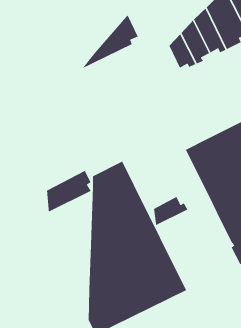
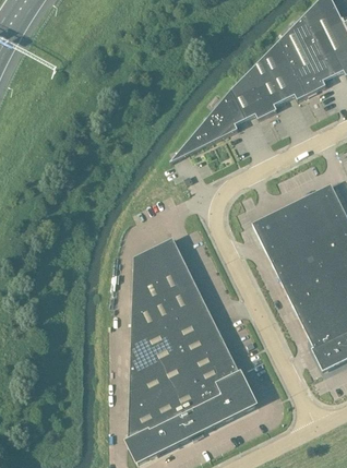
building: [80,14,139,70] -> [170,89,246,161]
building: [46,170,92,213] -> none
building: [153,196,189,226] -> none

